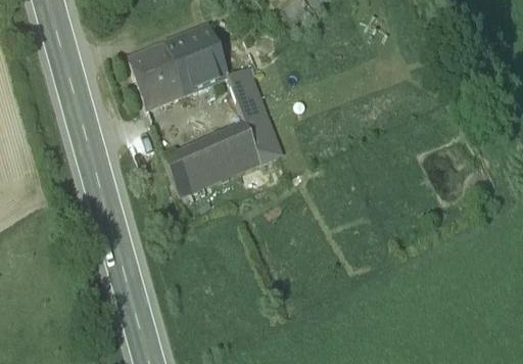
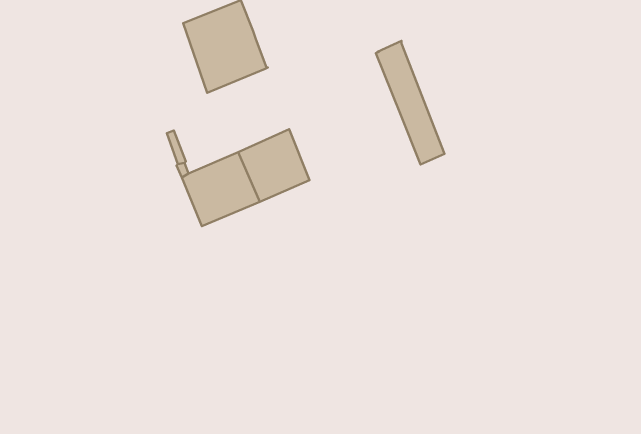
building: [129,41,185,108] -> none
building: [229,66,281,161] -> [376,41,445,165]

